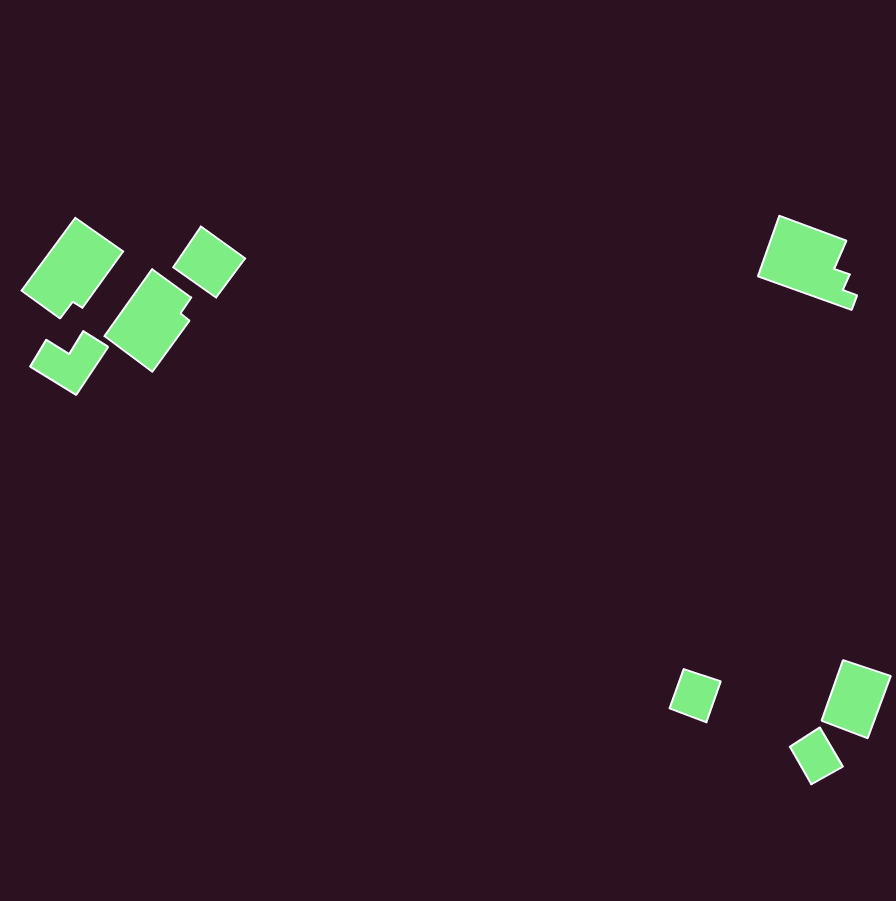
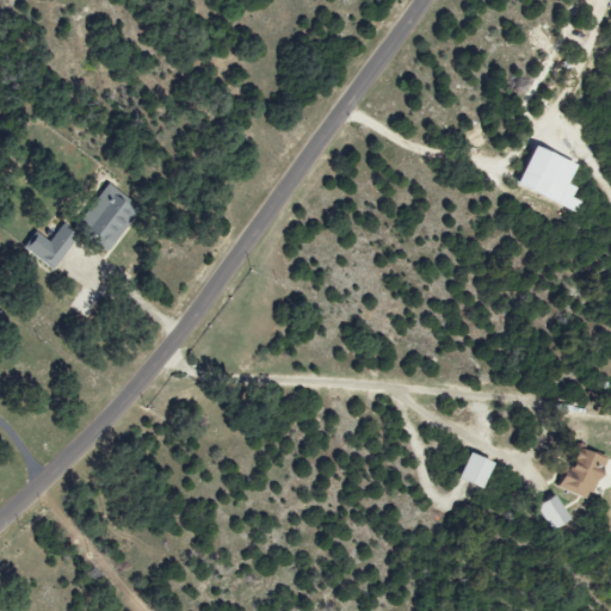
building: [21,218,123,318] -> none
building: [173,226,245,298] -> none

